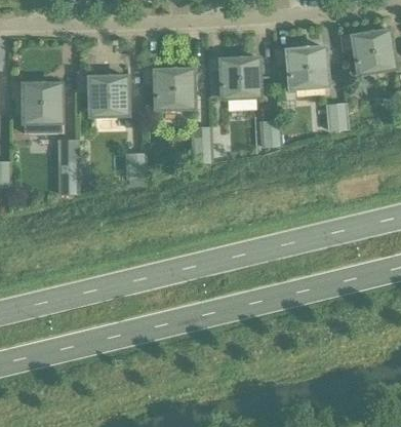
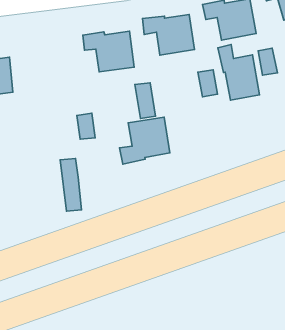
building: [76,74,127,115] -> none
building: none -> [218,45,260,100]
building: [58,139,76,194] -> [60,158,82,211]
building: none -> [119,117,170,164]

